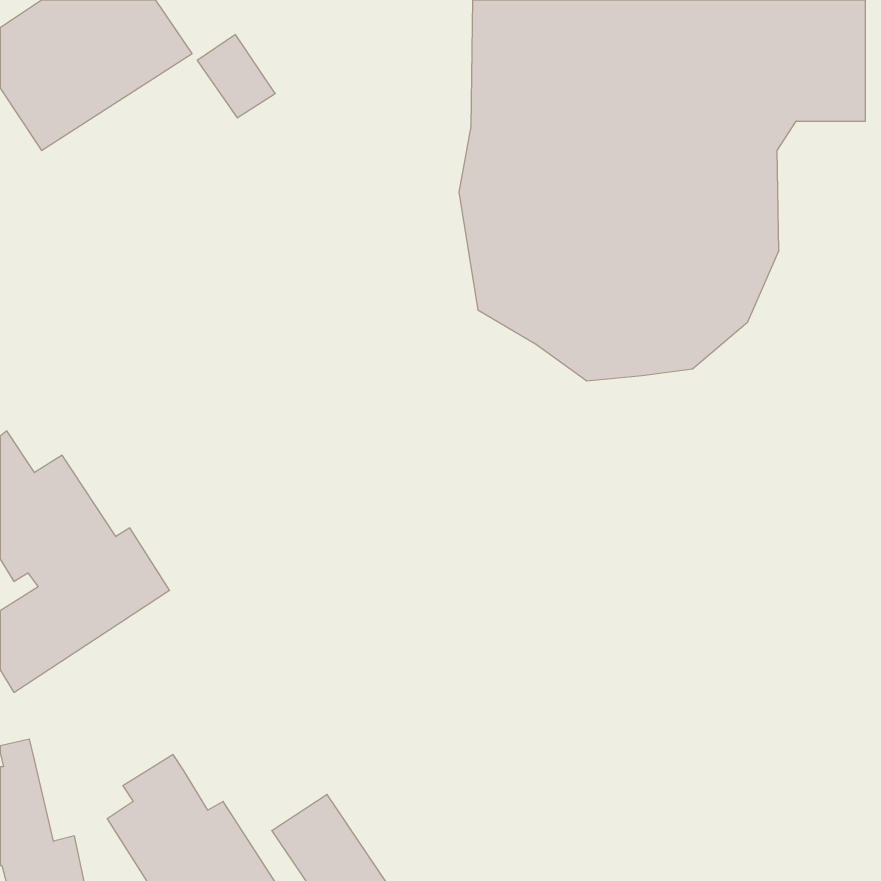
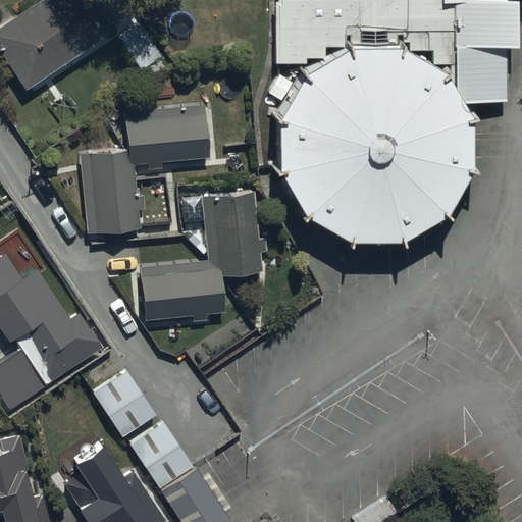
building: none -> [81,105,209,232]
building: none -> [141,192,264,321]
building: none -> [96,370,158,437]
building: none -> [132,422,192,485]

